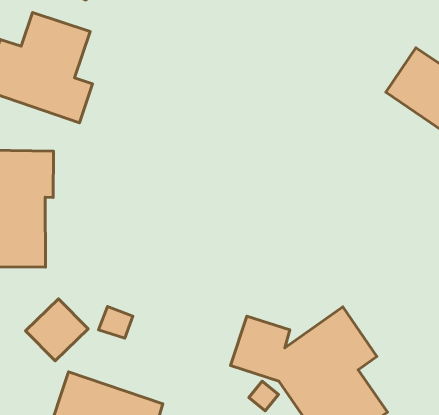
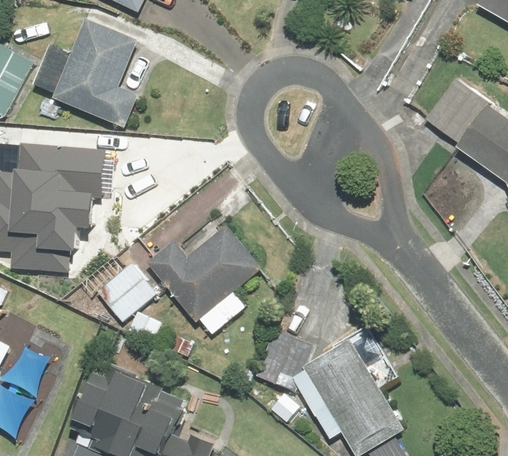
building: none -> [147,223,262,338]
building: [26,299,88,361] -> [95,262,156,322]

